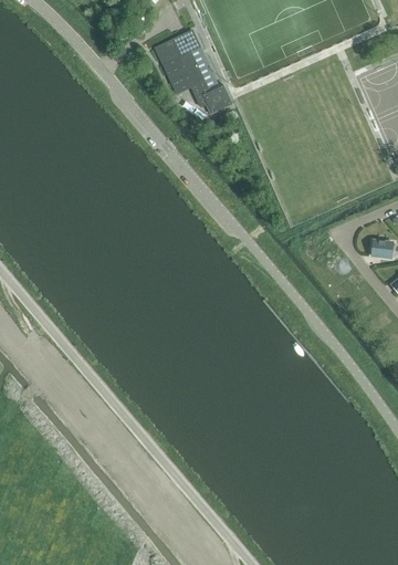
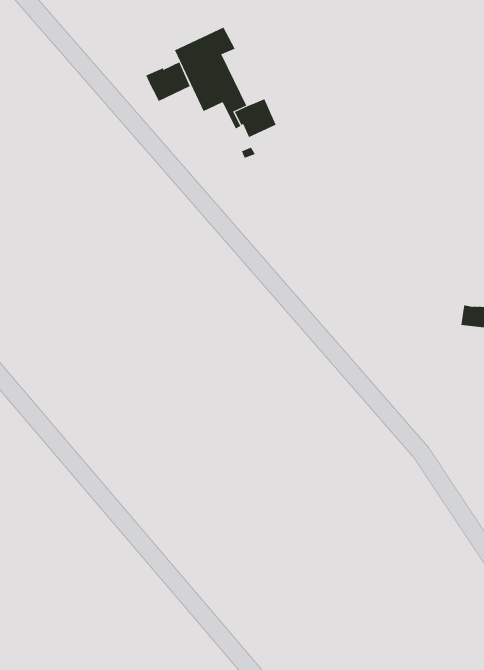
building: none -> [145,62,190,102]

